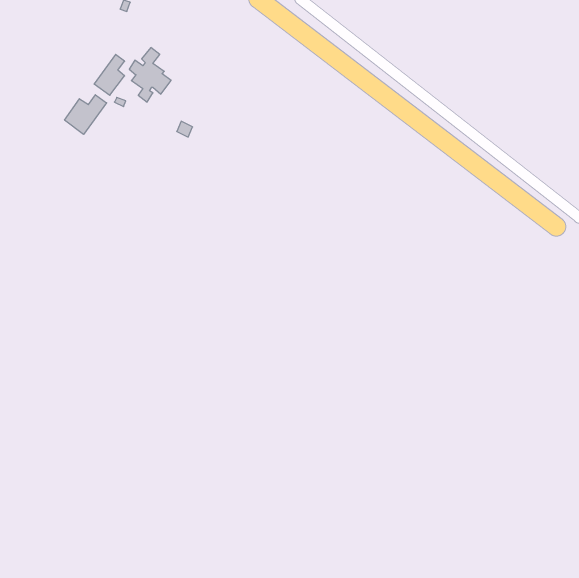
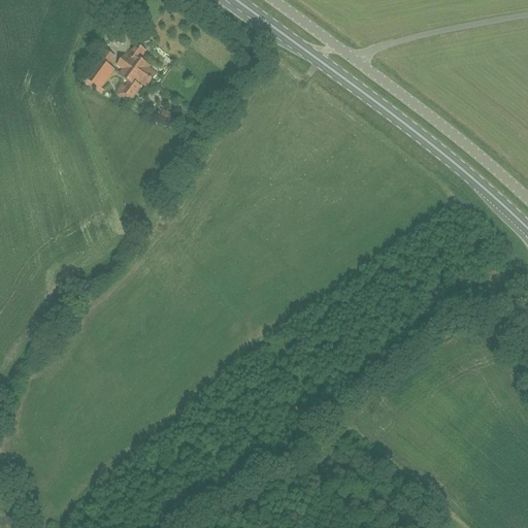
building: [65,95,107,134] -> none

